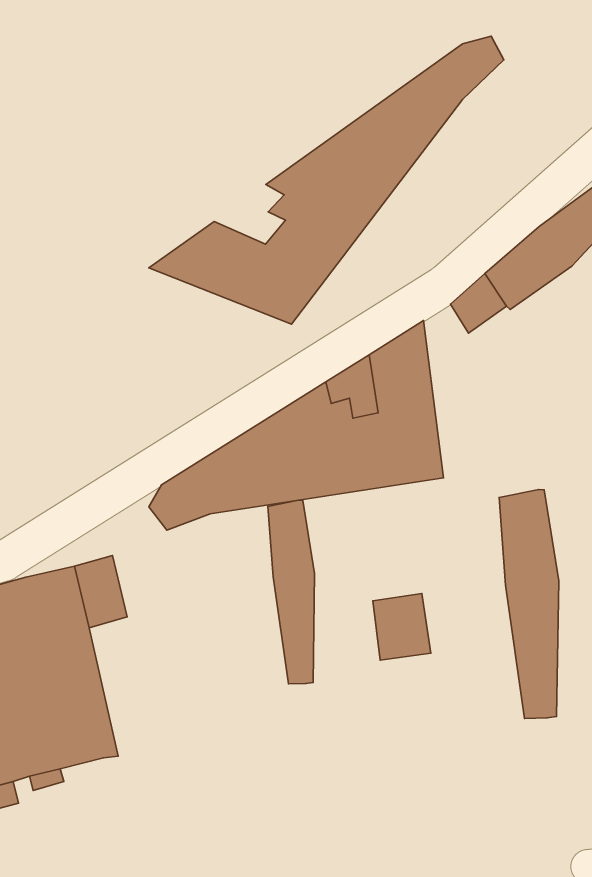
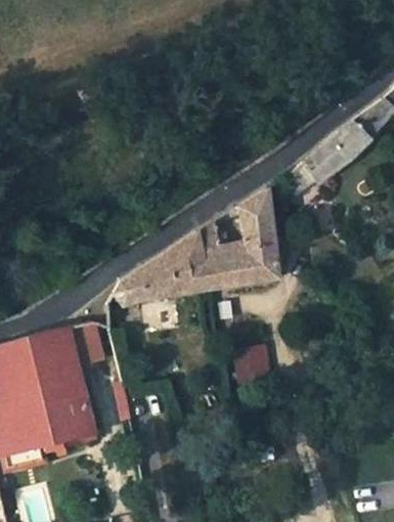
building: [149,36,504,324] -> none
building: [499,489,559,719] -> none
building: [268,500,314,684] -> none

